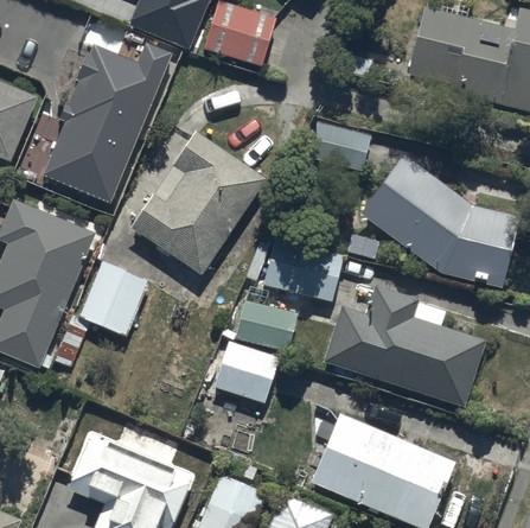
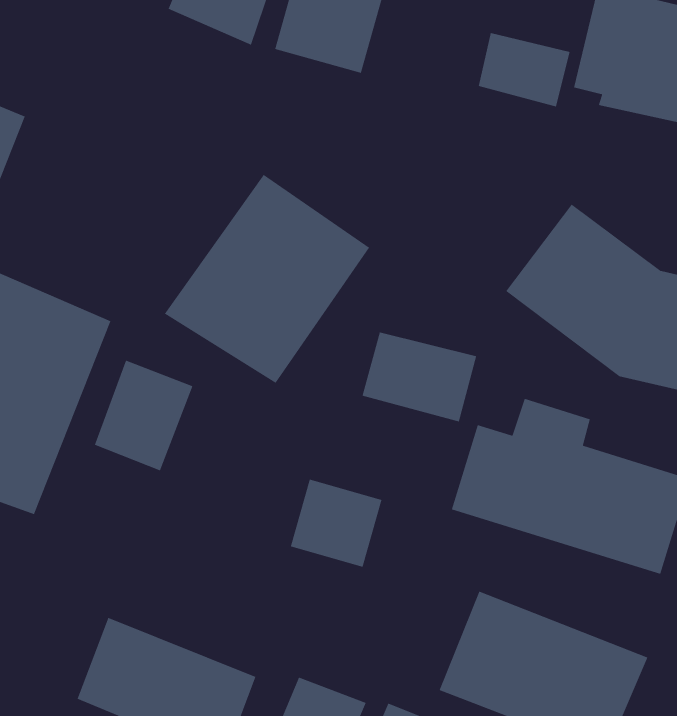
building: [44,49,170,206] -> none
building: [308,120,371,171] -> [478,32,571,108]
building: [235,300,296,348] -> none

